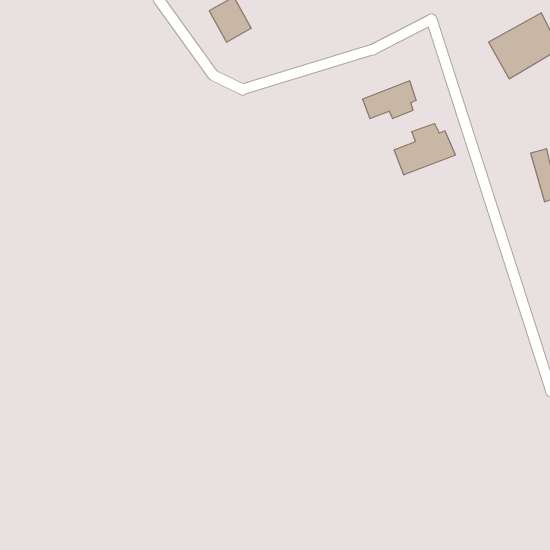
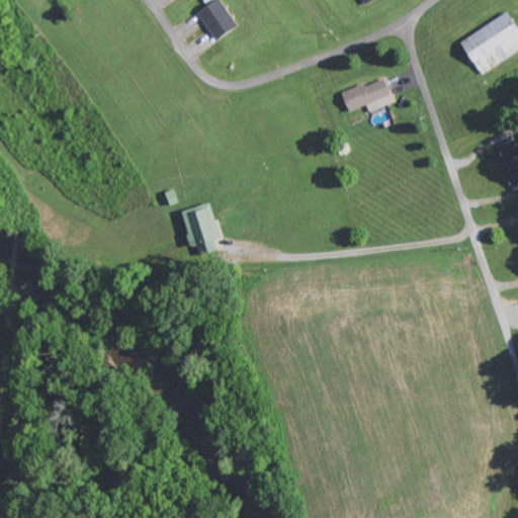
building: [394,124,455,175] -> none
building: none -> [181,202,221,246]

